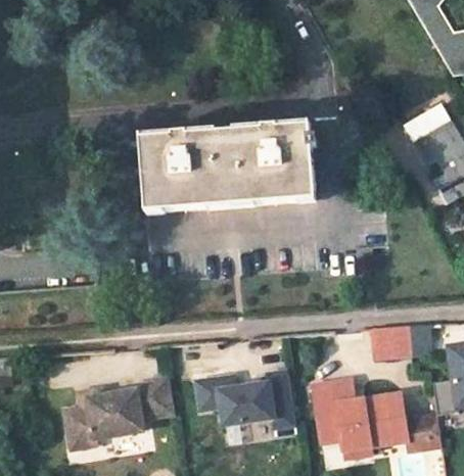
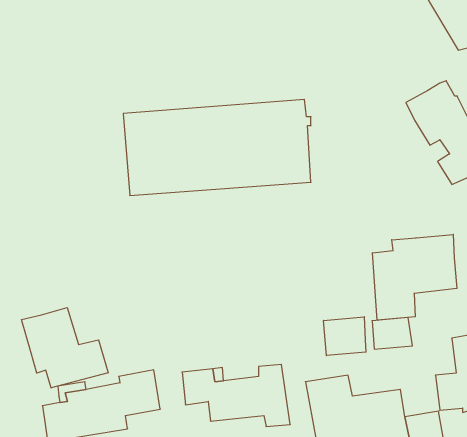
building: none -> [373,234,457,320]
building: none -> [22,308,108,388]
building: none -> [324,317,366,356]

